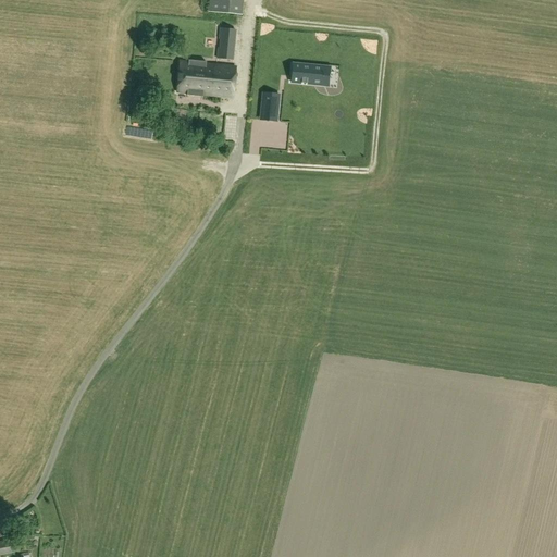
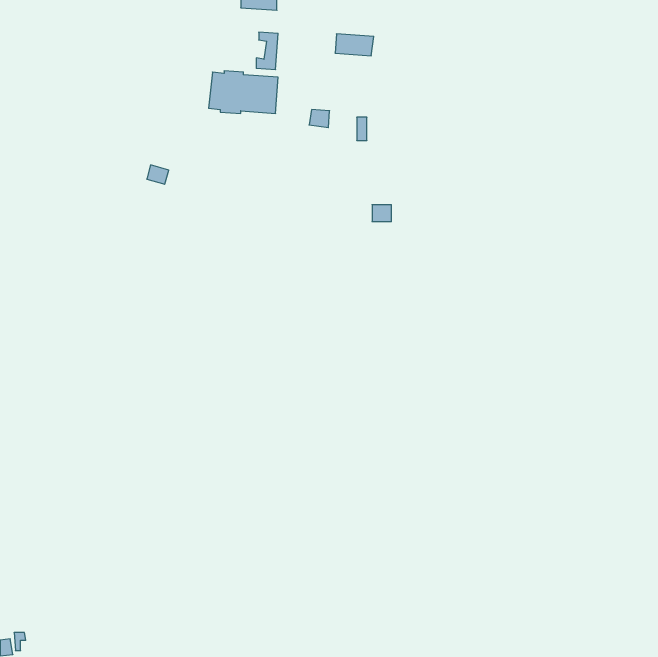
building: [290,64,323,83] -> [335,34,374,56]

